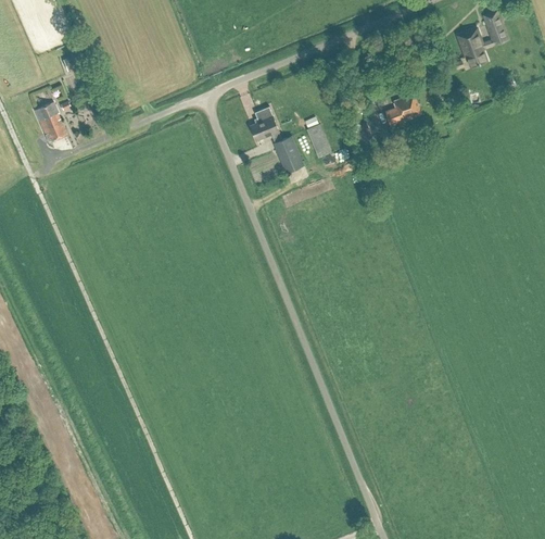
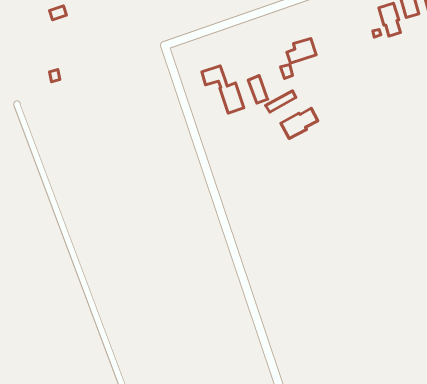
building: [384,92,420,124] -> [287,38,316,63]
building: [34,101,65,140] -> none
building: none -> [281,108,318,138]

